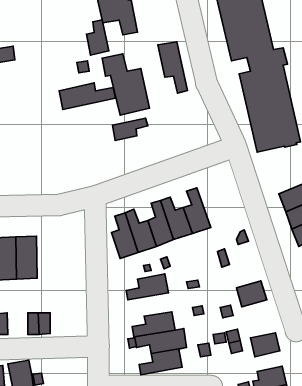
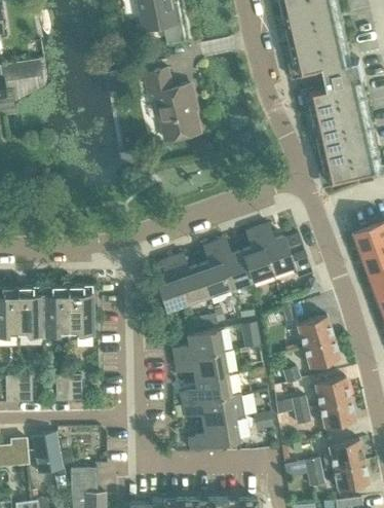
building: [87,20,109,55] -> none
building: [158,42,187,93] -> none
building: [59,83,115,110] -> none
building: [113,118,148,141] -> none
building: none -> [257,223,311,277]
building: none -> [66,285,92,335]
building: none -> [298,317,333,347]
building: none -> [175,353,227,380]
building: none -> [315,377,350,406]

